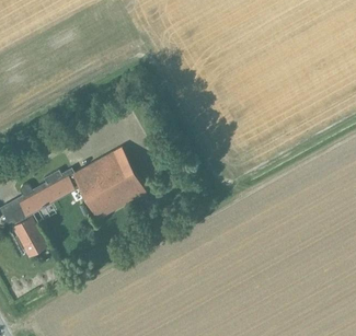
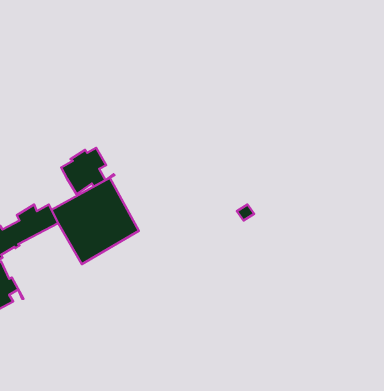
building: none -> [61,148,115,194]

